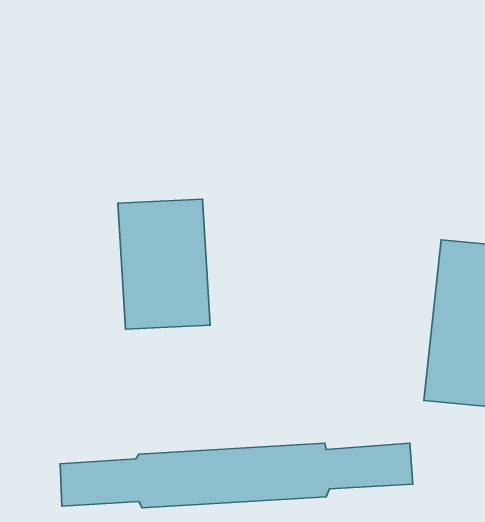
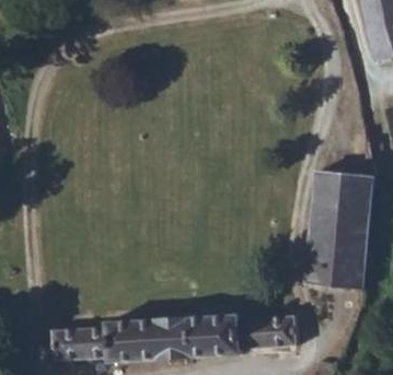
building: [118,199,210,329] -> none

